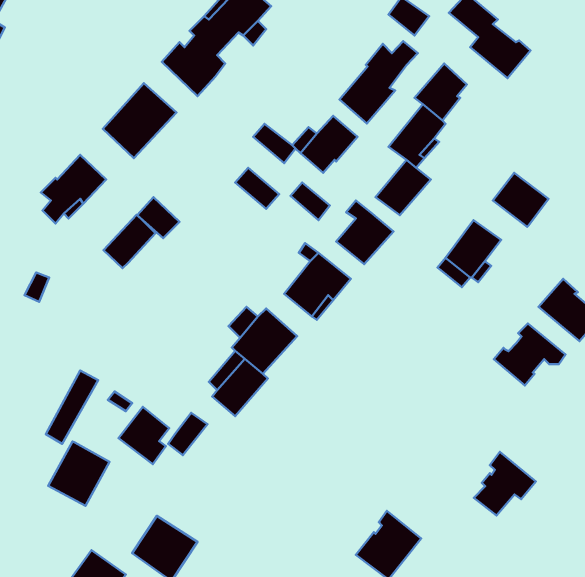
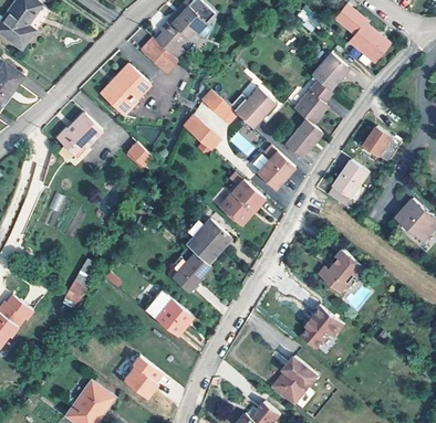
building: [339,41,418,124] -> none
building: [103,215,155,268] -> none
building: [494,323,566,385] -> [319,250,367,292]
building: [119,407,169,464] -> [154,296,188,335]
building: [48,441,110,506] -> none
building: [474,452,536,516] -> [300,304,342,347]

